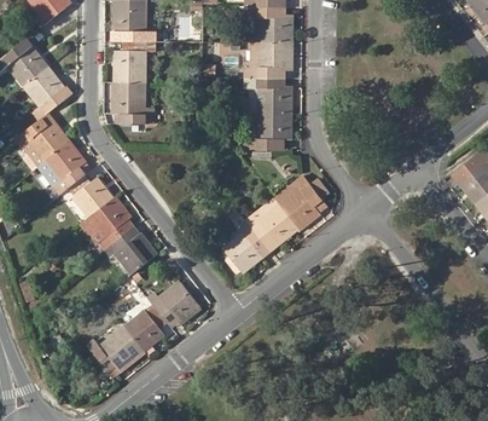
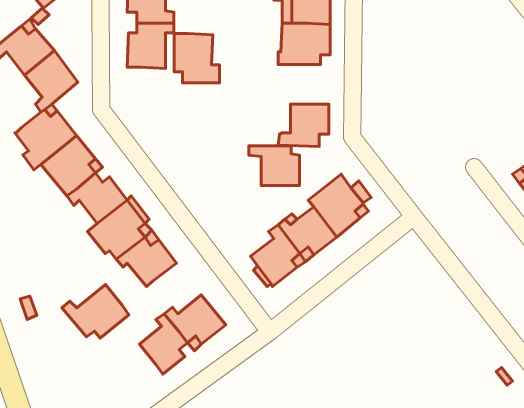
building: [246,77,291,113] -> [249,146,299,185]
building: [114,80,153,123] -> [174,33,220,83]
building: [86,324,145,371] -> [62,285,129,338]

